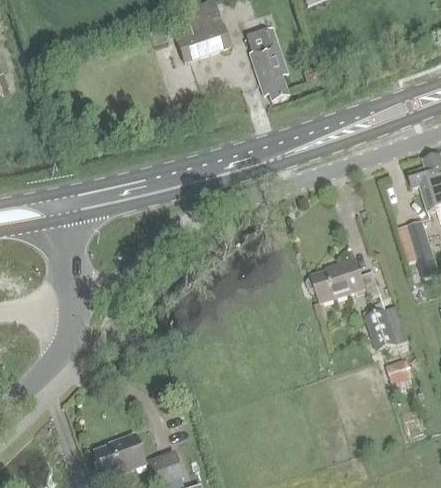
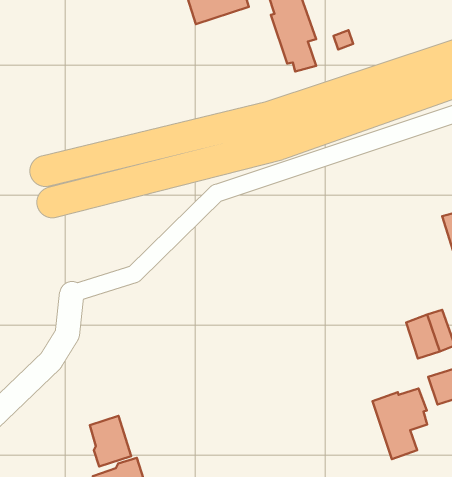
building: [306,257,379,303] -> none
building: none -> [372,388,427,459]
building: none -> [90,416,131,467]

